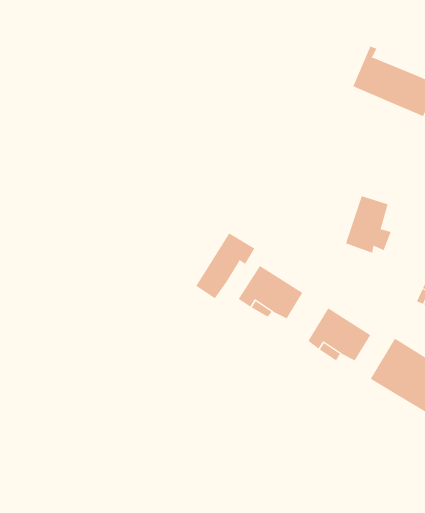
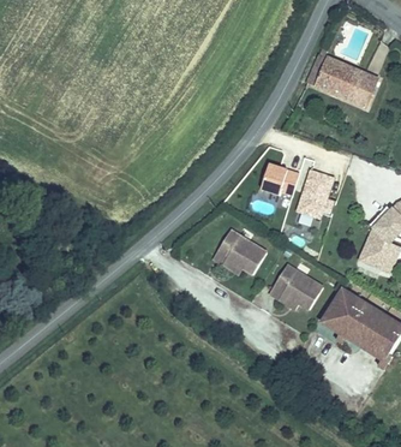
building: none -> [265,165,304,196]
building: [195,233,255,299] -> none

